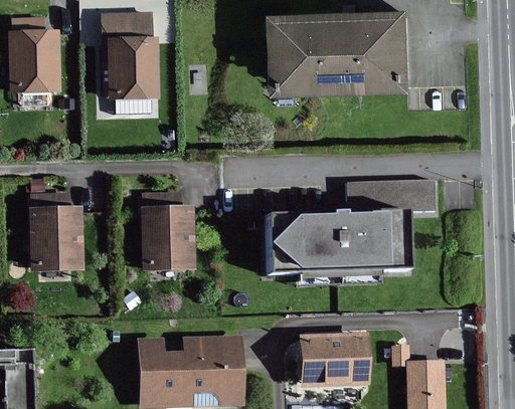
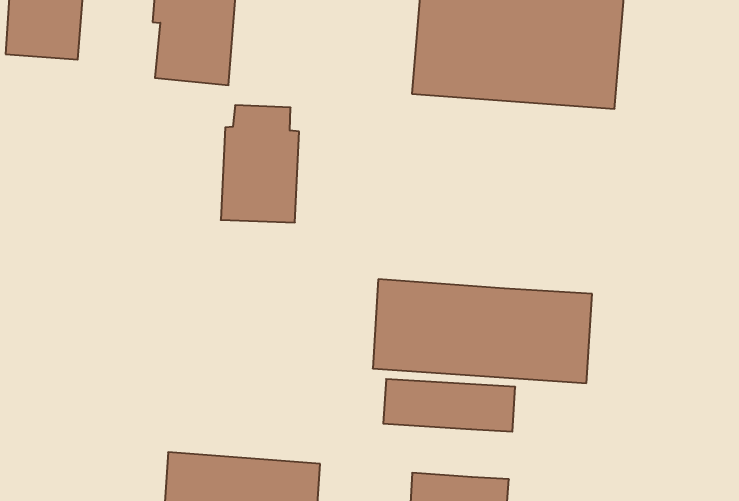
building: [347,180,433,212] -> [383,379,515,432]
building: [140,192,191,269] -> [221,105,299,222]
building: [29,193,79,268] -> none

